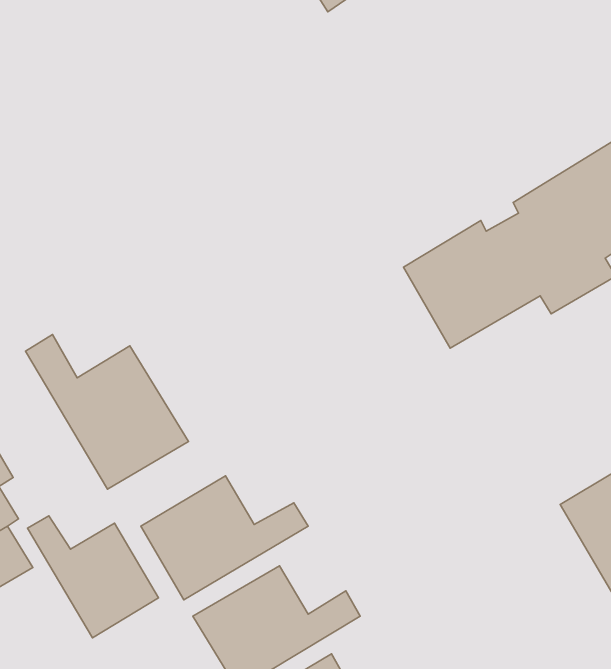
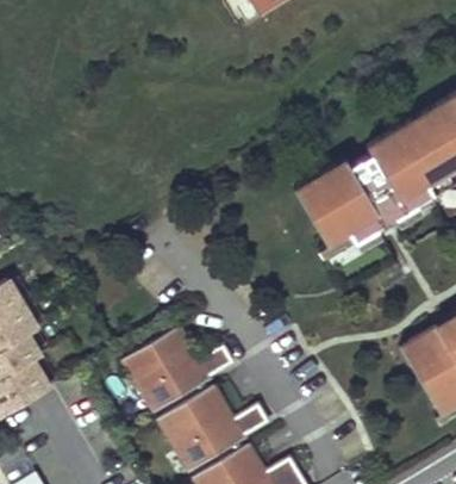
building: [26,335,188,489] -> none
building: [27,516,159,638] -> none

